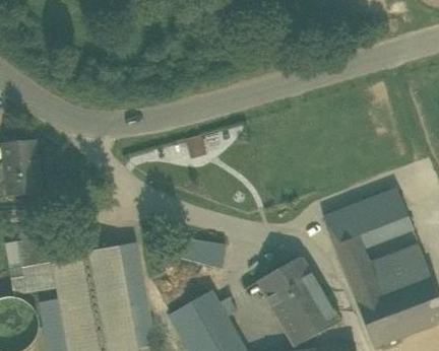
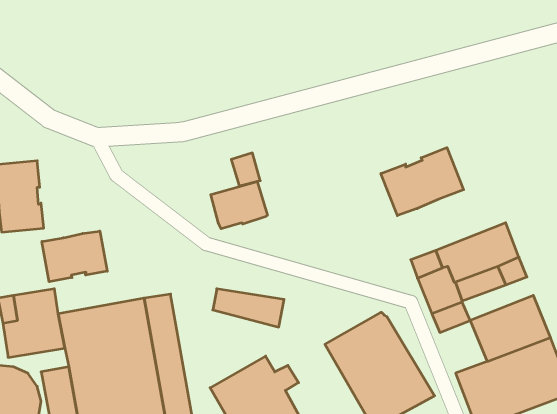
building: none -> [381,148,464,216]
building: none -> [211,181,267,229]
building: none -> [42,231,107,282]
building: [346,263,382,303] -> none

